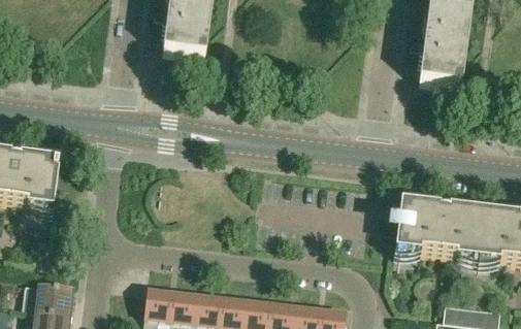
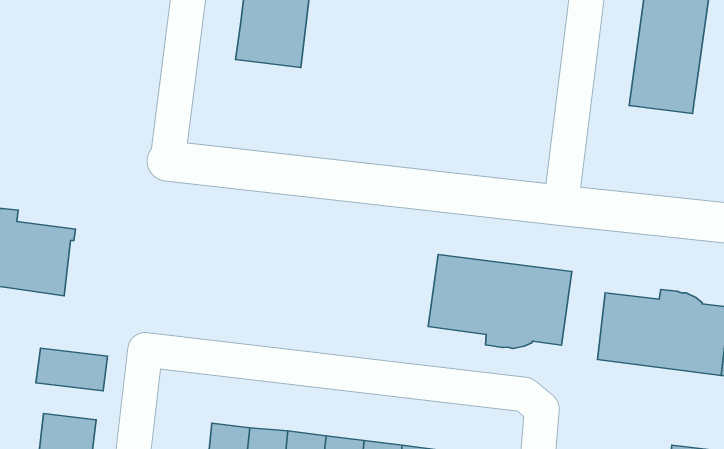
building: none -> [428,254,572,349]
building: none -> [36,348,108,391]

